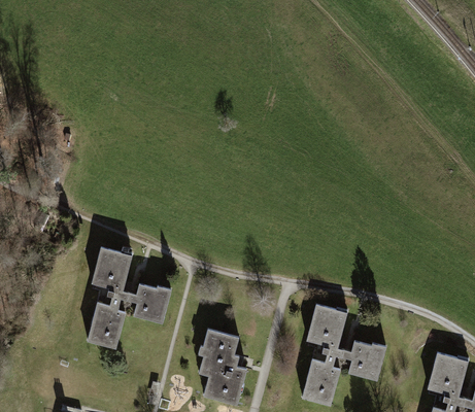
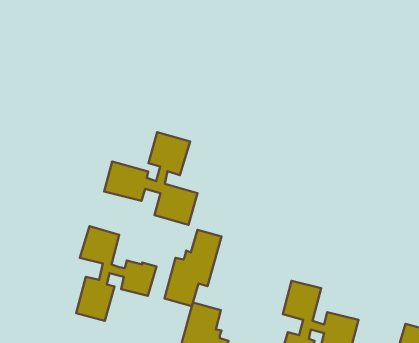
building: none -> [104,132,198,225]
building: none -> [165,230,221,306]

